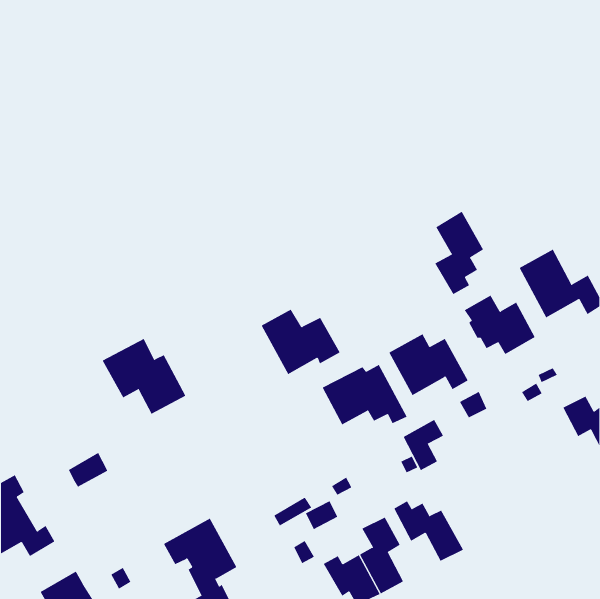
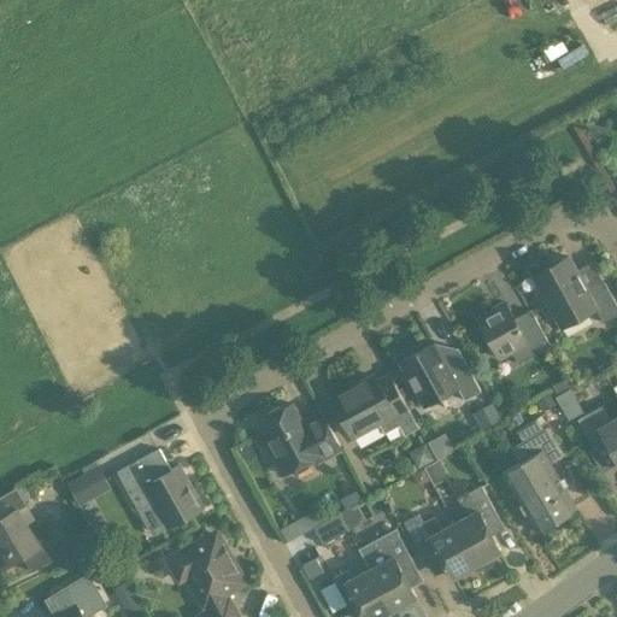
building: [434,211,484,295] -> none
building: [261,309,341,375] -> [259,405,341,472]
building: [102,338,186,414] -> [116,449,202,528]
building: none -> [500,419,575,533]
building: none -> [453,486,500,565]

